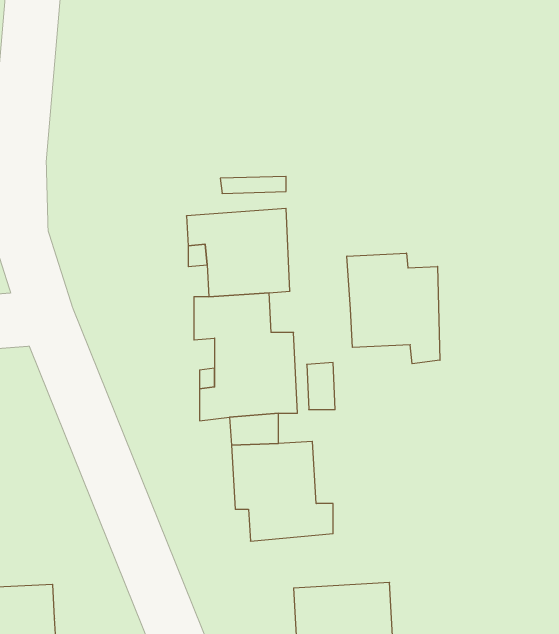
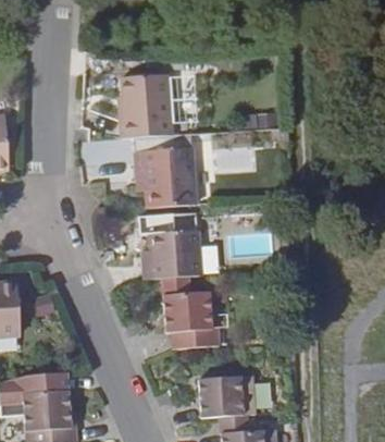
building: none -> [121,75,174,139]
building: [347,253,440,364] -> none

